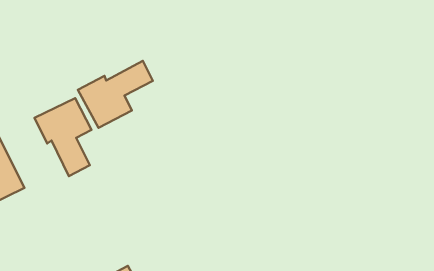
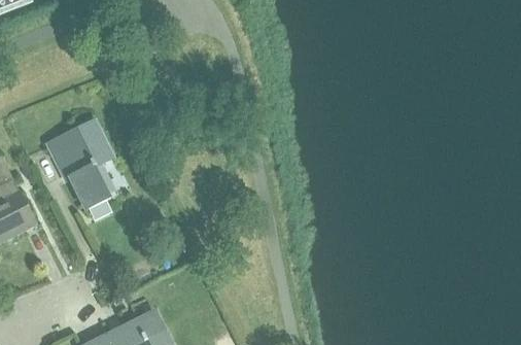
building: [78,61,153,128] -> none

